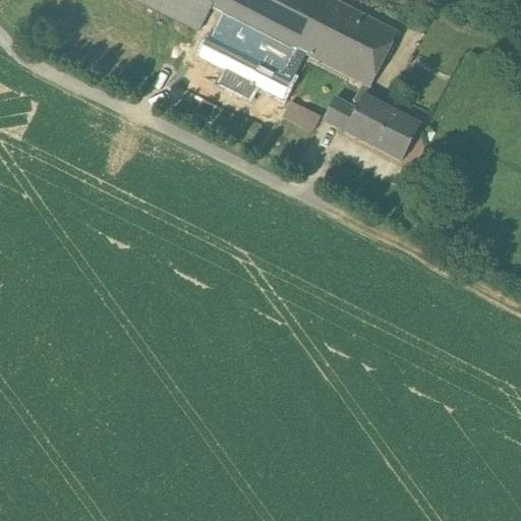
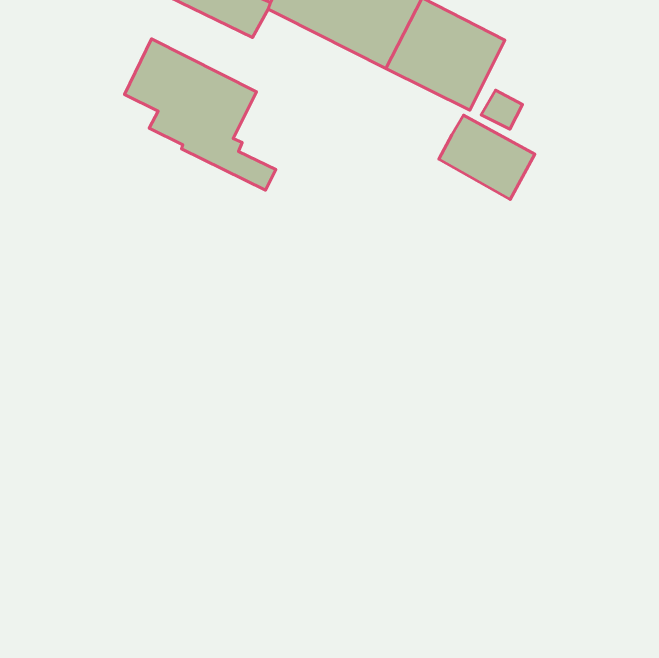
building: [199,12,319,131] -> [124,39,276,190]
building: [323,95,355,125] -> [481,90,523,129]

